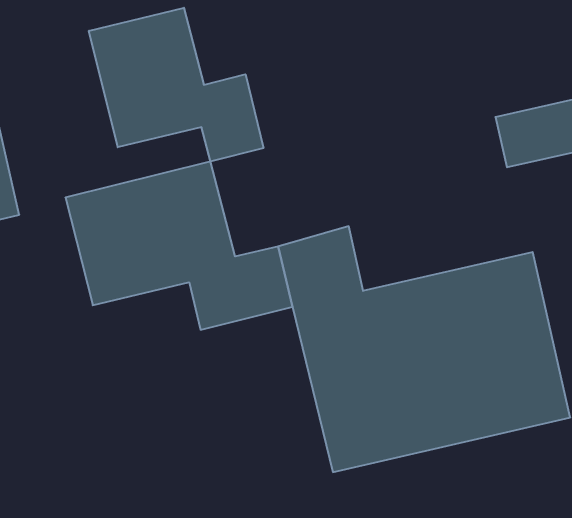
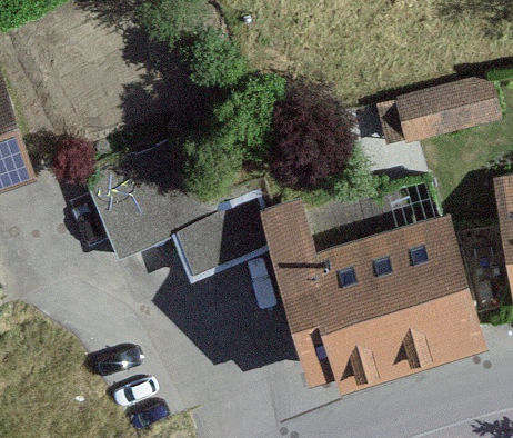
building: [89,8,263,162] -> none

